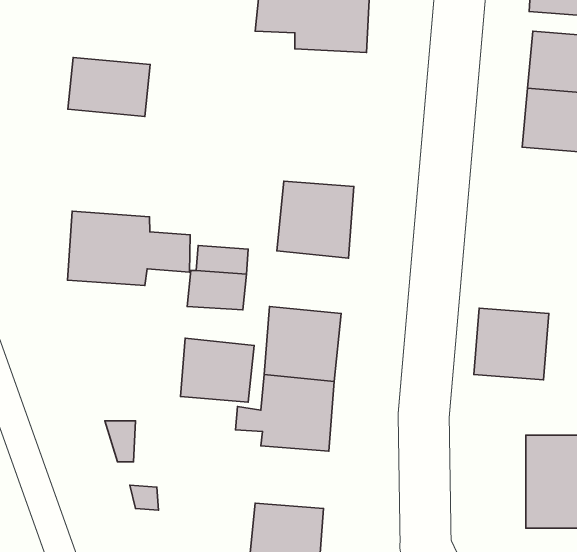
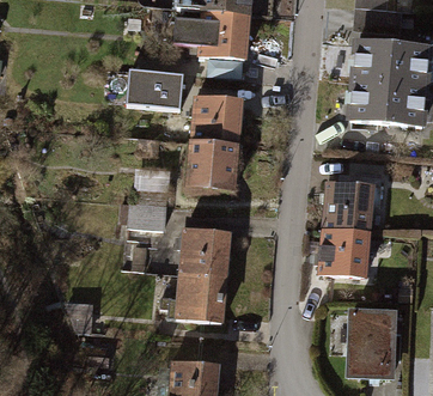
building: [68,57,150,116] -> [129,71,184,110]
building: none -> [188,97,242,147]
building: [68,211,190,286] -> none
building: none -> [322,175,382,232]
building: [180,338,254,402] -> none

